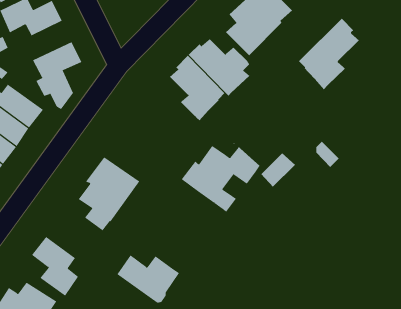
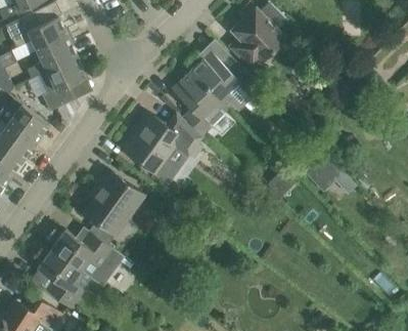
building: [298,18,360,90] -> none
building: none -> [27,37,77,79]
building: [181,142,261,212] -> [123,114,201,183]
building: [117,255,180,303] -> [51,231,114,279]

